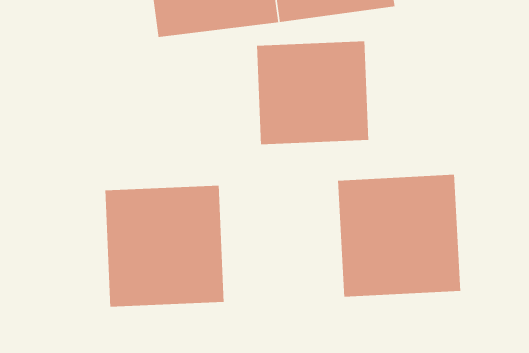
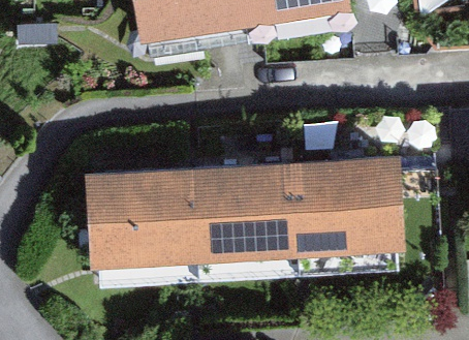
building: [256,41,369,145] -> none
building: none -> [190,163,293,266]

